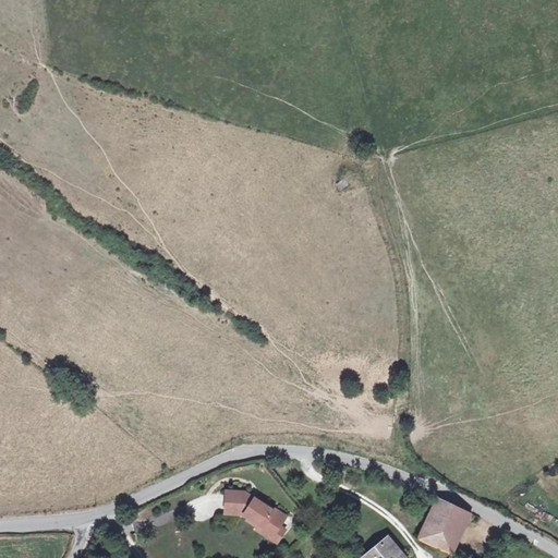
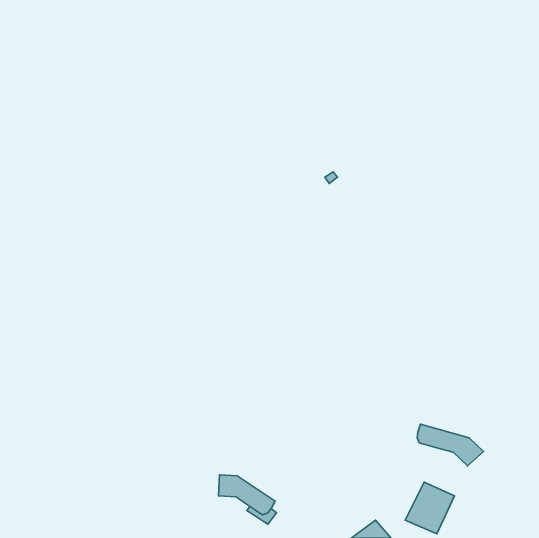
building: none -> [417,424,483,466]

